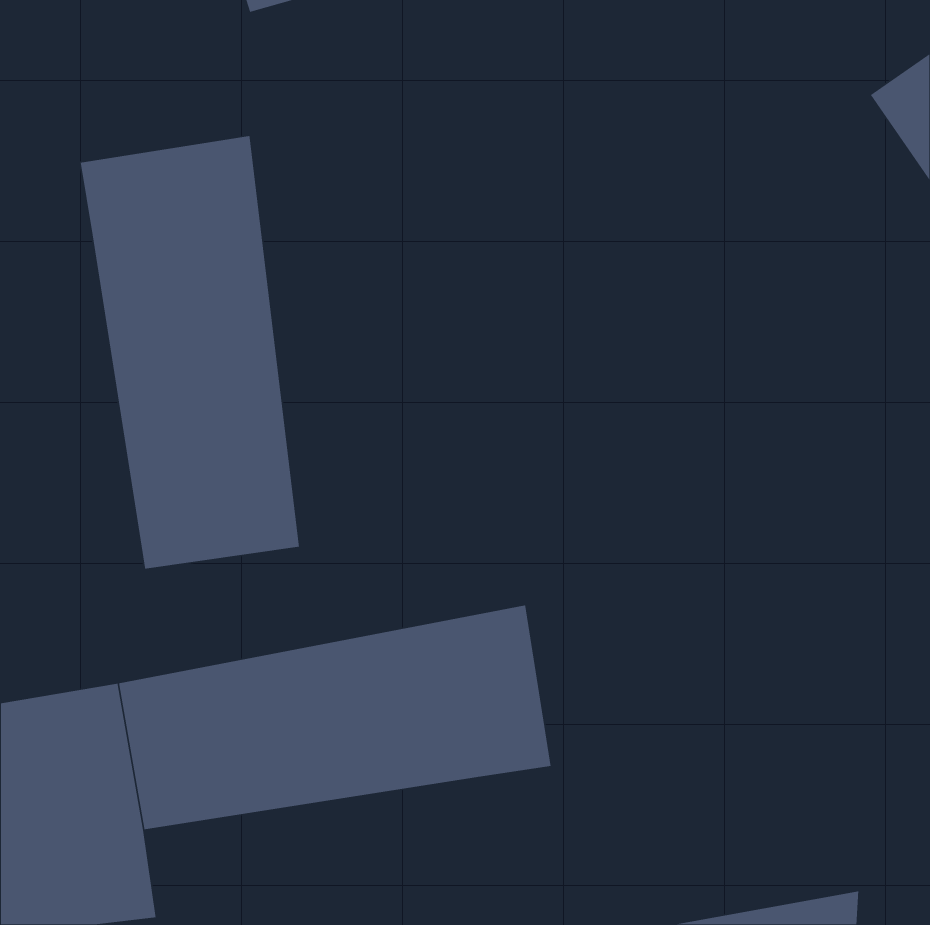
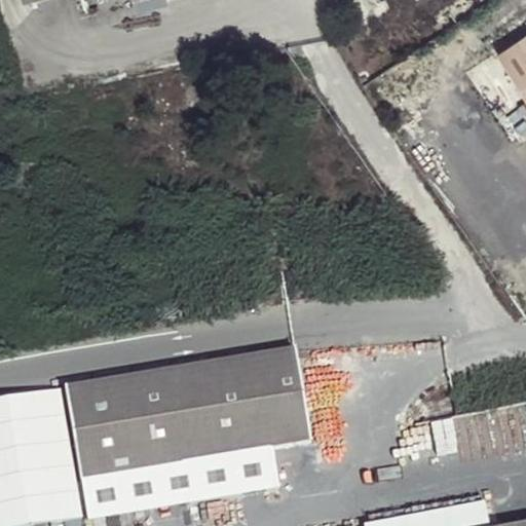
building: [80,135,300,569] -> none
building: none -> [81,439,277,518]

